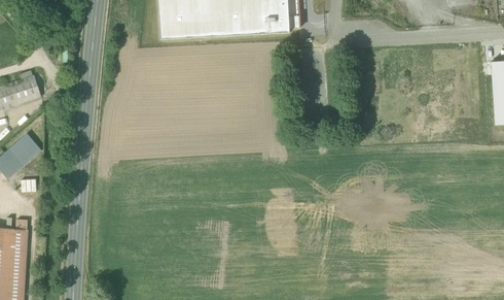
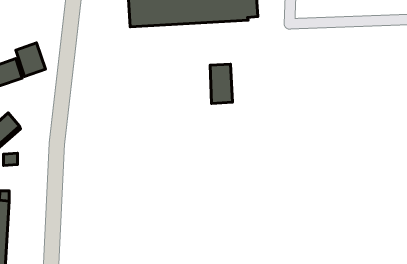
building: none -> [16,43,45,76]
building: none -> [210,64,232,103]

